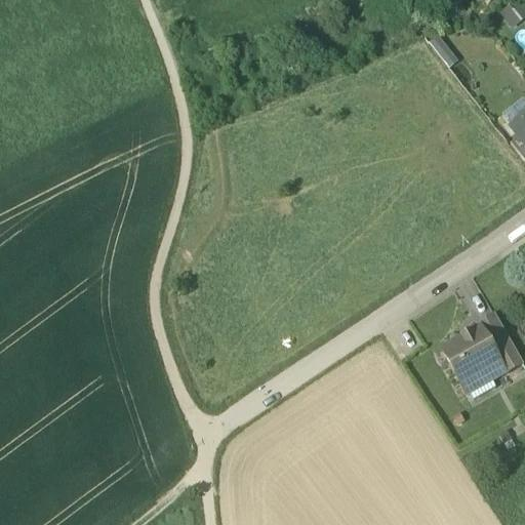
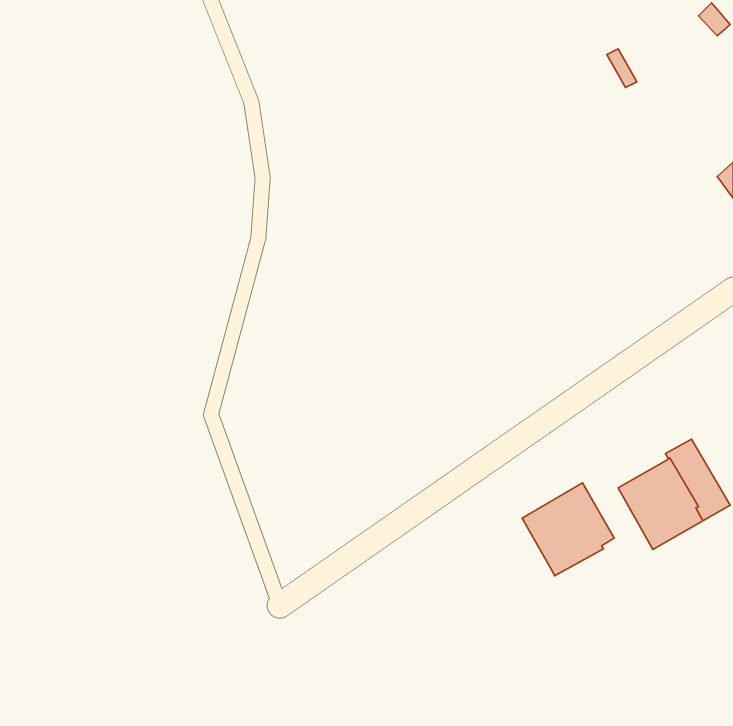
building: none -> [522,483,614,576]

